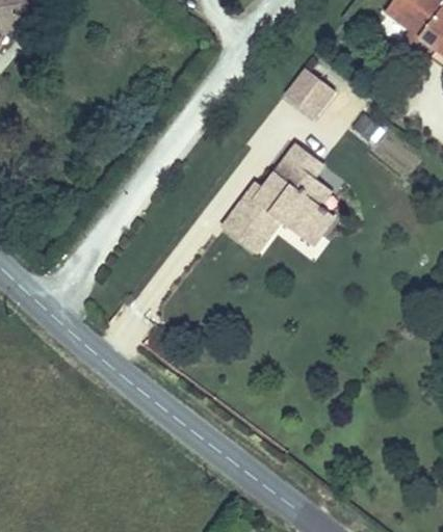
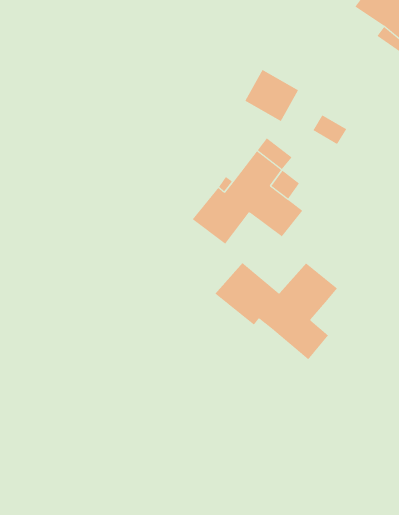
building: none -> [215,262,338,360]

